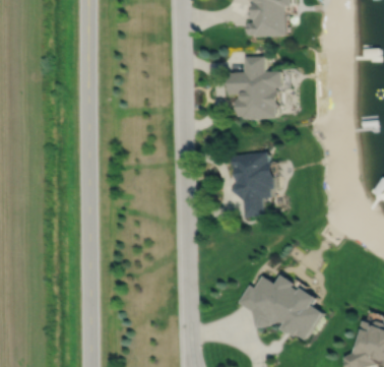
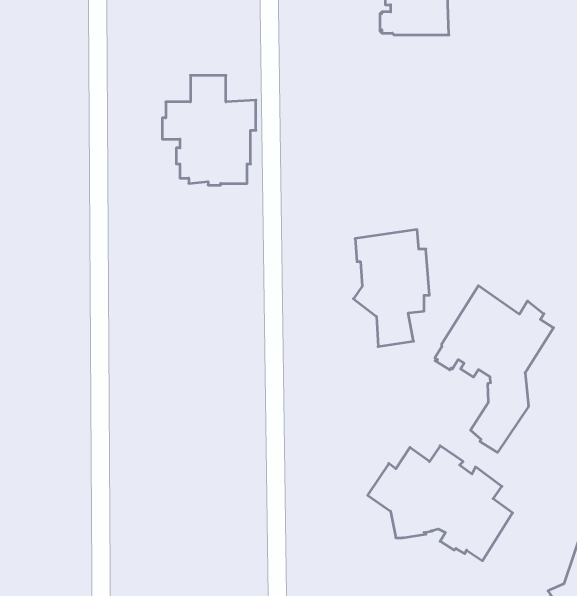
building: [228,58,281,121] -> [162,75,256,185]
building: none -> [435,286,554,452]

